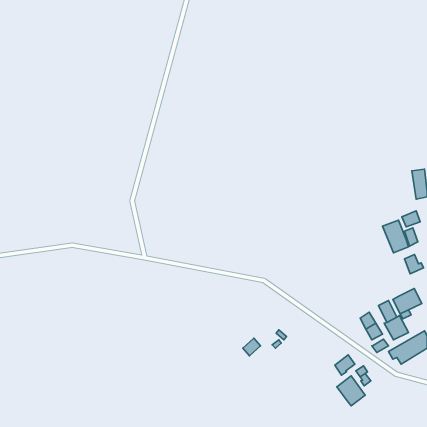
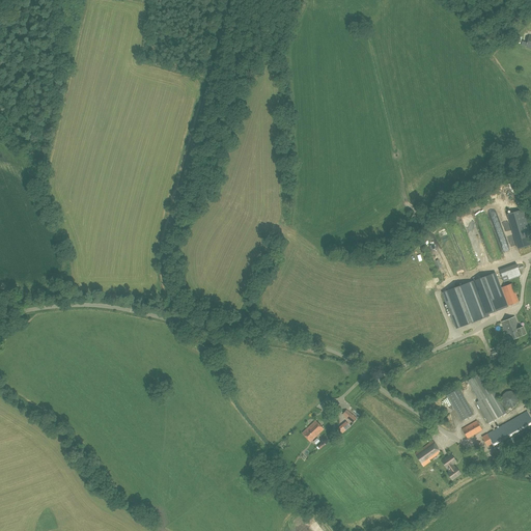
building: none -> [442,280,487,328]
building: [393,289,422,314] -> none
building: [337,376,365,406] -> none

